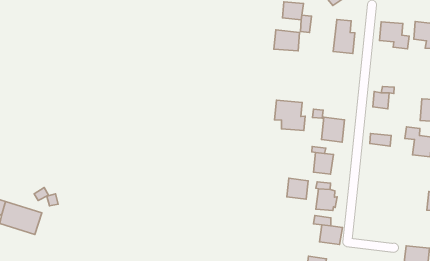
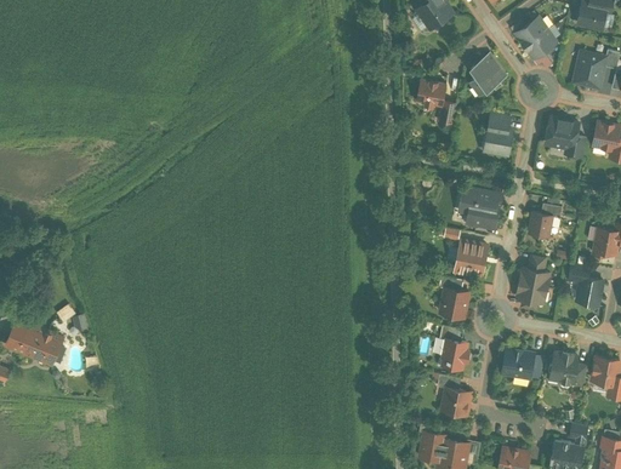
building: [274,30,300,51] -> none
building: [275,100,305,131] -> [457,187,500,231]
building: none -> [518,282,548,311]
building: [287,178,308,199] -> none
building: none -> [500,344,537,384]
building: none -> [547,349,583,387]

